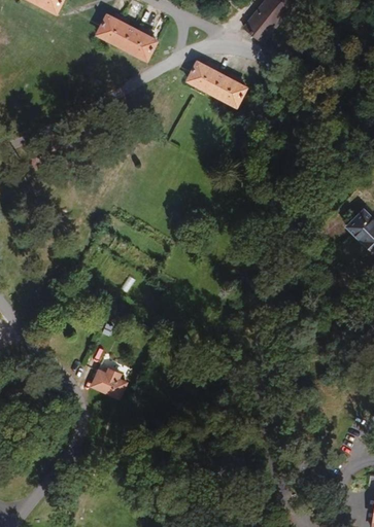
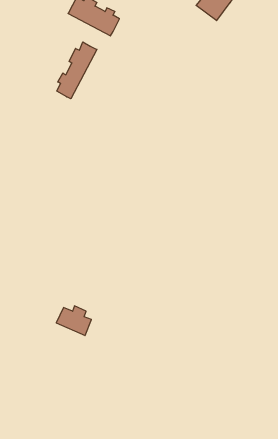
building: [189,63,246,108] -> none
building: none -> [57,42,97,99]

